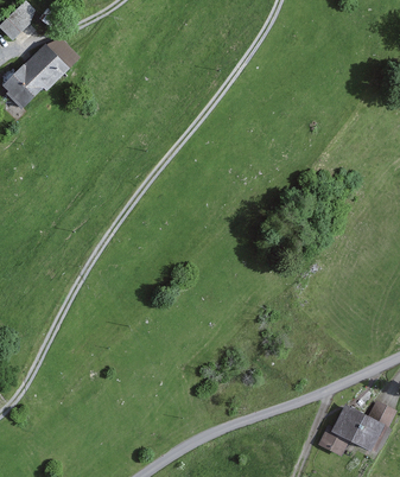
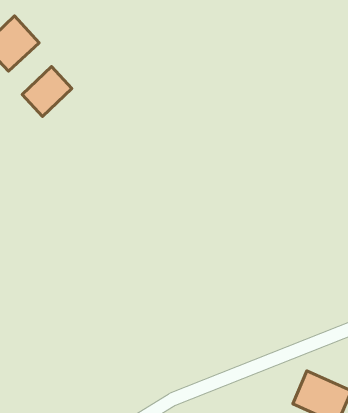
building: none -> [22,67,72,117]

